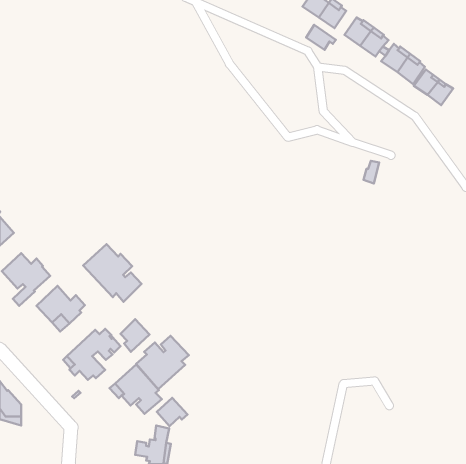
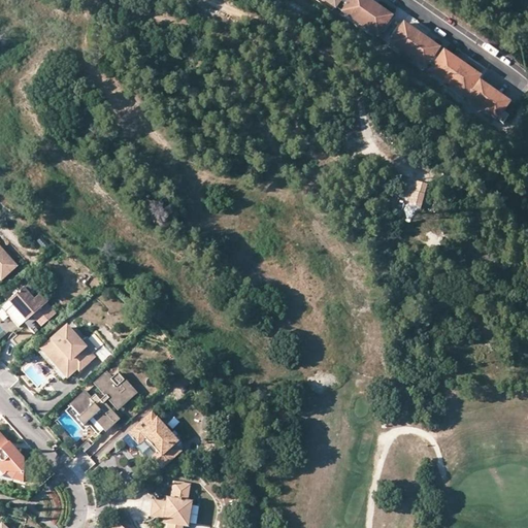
building: [306,25,336,50] -> none
building: [83,244,141,302] -> none
building: [121,319,150,352] -> none
building: [136,336,189,389] -> none
building: [157,398,187,426] -> none

